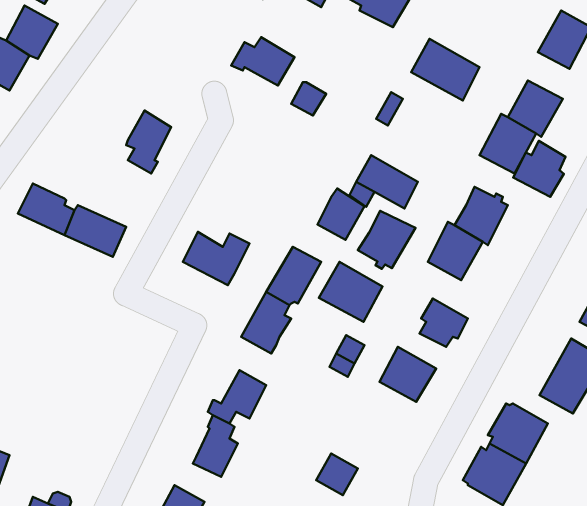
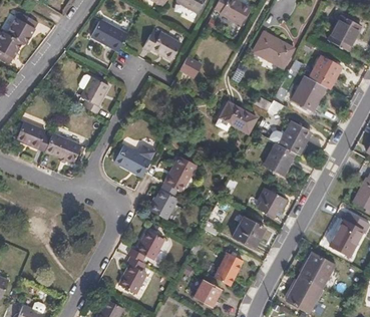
building: none -> [90,20,126,51]
building: [513,141,566,197] -> none
building: [318,188,365,240] -> none
building: [358,211,415,269] -> none
building: [319,262,383,322] -> none
building: none -> [214,253,243,286]

